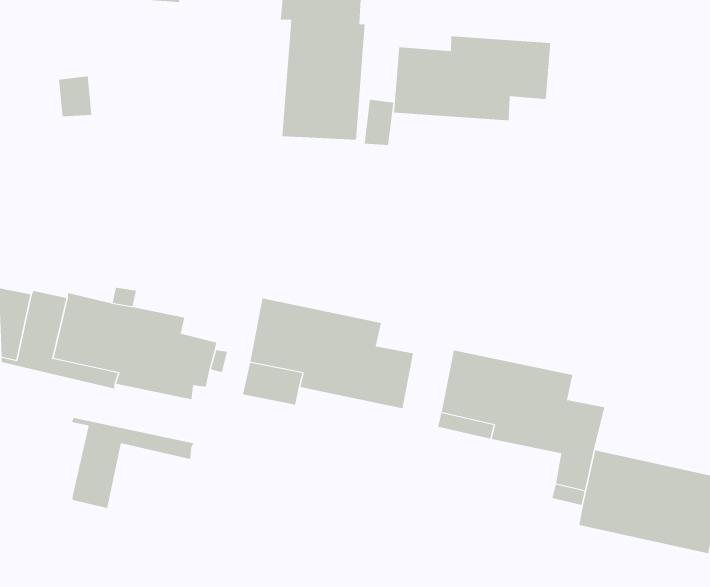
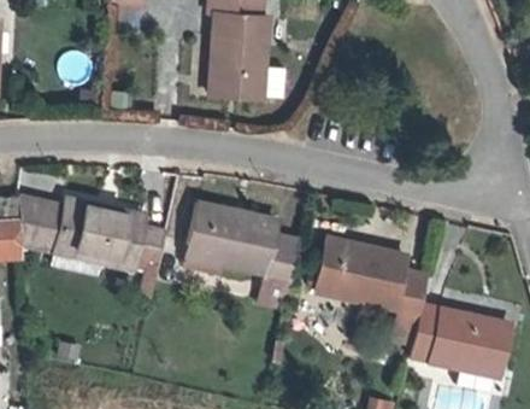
building: [393,36,551,121] -> none
building: [71,417,194,509] -> none

